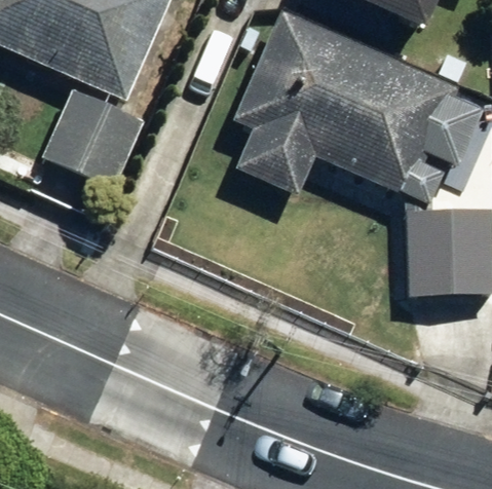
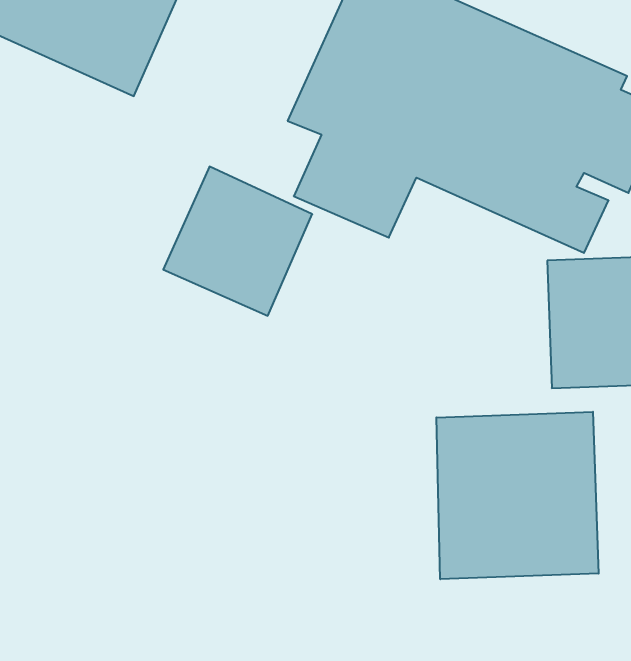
building: [43,88,143,188] -> [163,167,312,316]
building: none -> [436,412,599,579]

